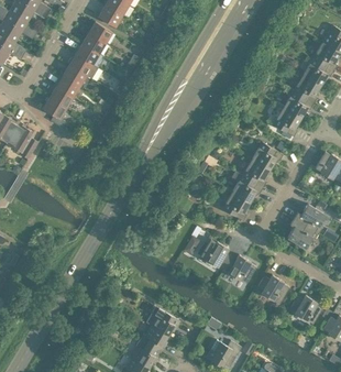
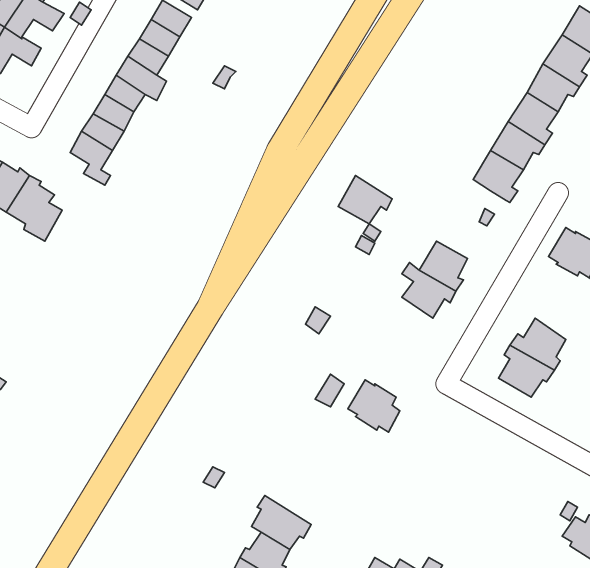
building: [251,142,282,169] -> [338,176,392,224]
building: [221,192,249,221] -> none
building: [223,255,255,283] -> none
building: [256,275,288,303] -> none
building: [289,295,321,324] -> none

